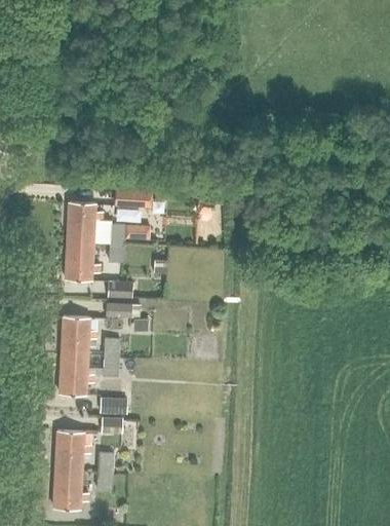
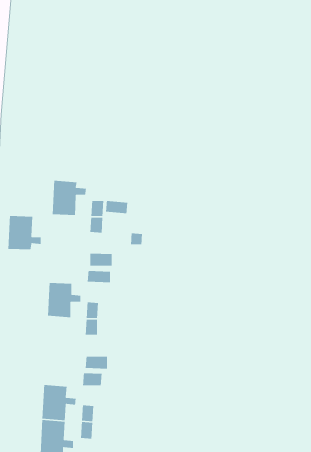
building: [114,190,153,209] -> none
building: [64,241,102,280] -> [7,215,41,250]
building: [59,354,96,394] -> none

